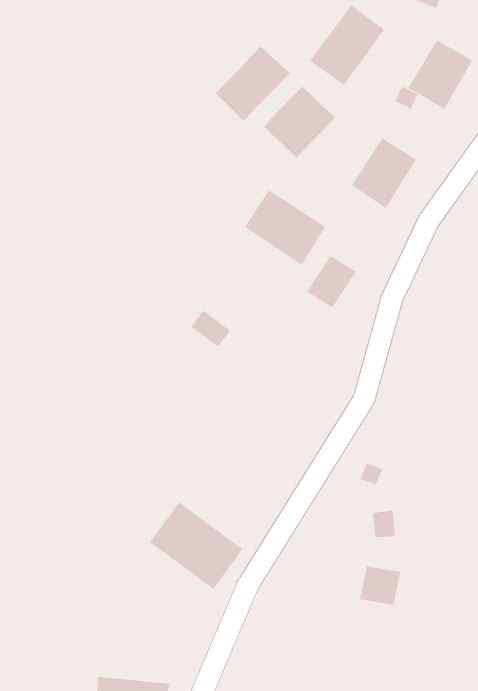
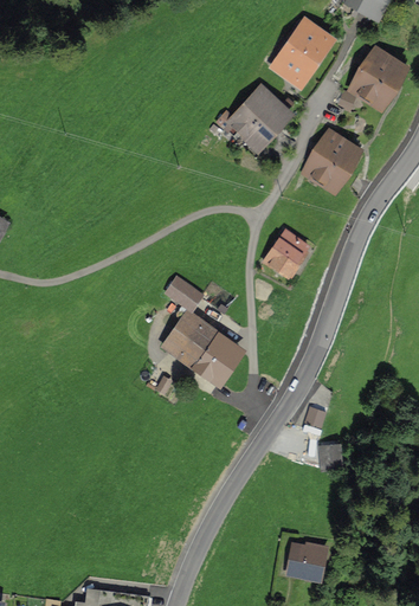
building: [215,46,291,121] -> none
building: [244,189,326,266] -> none
building: [149,502,243,590] -> [163,310,243,385]
building: [359,566,401,605] -> [286,544,322,578]

